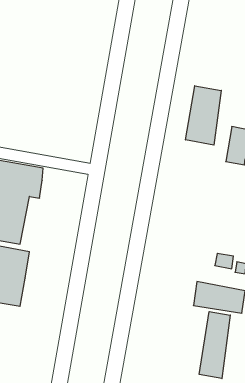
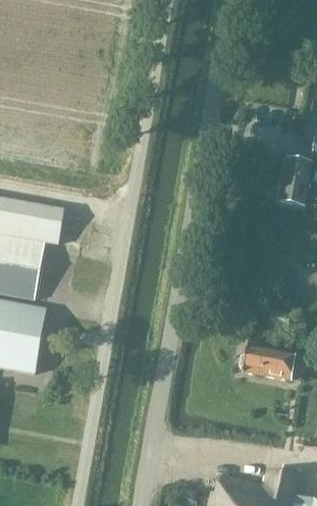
building: [186,86,221,145] -> none
building: [199,312,230,379] -> none

